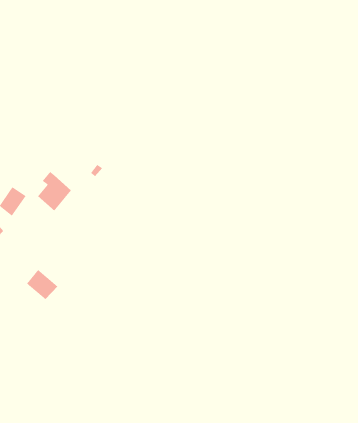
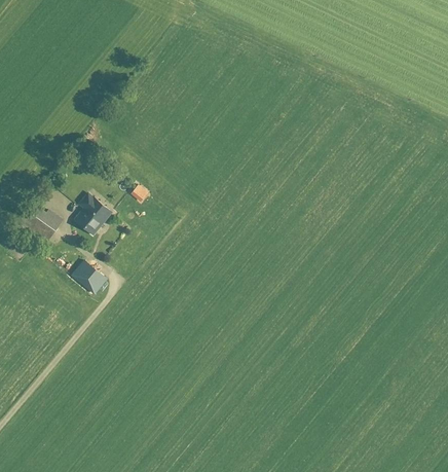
building: [26,269,58,300] -> [72,260,106,293]

